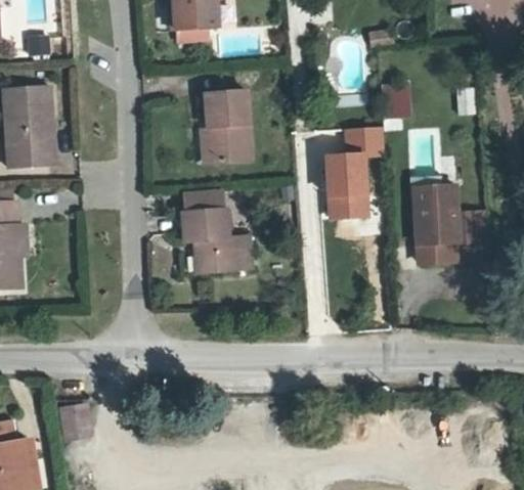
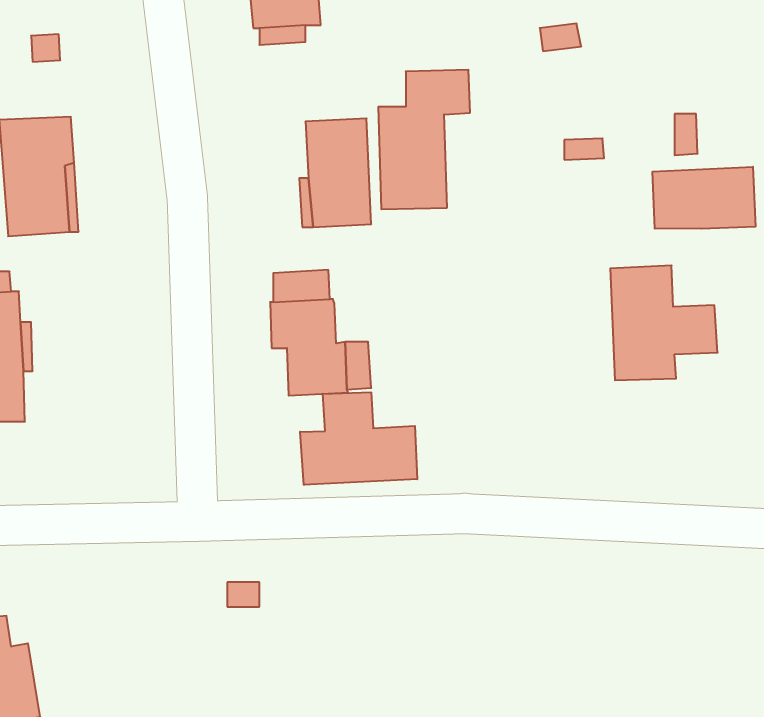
building: none -> [653,167,755,229]
building: [320,124,382,217] -> [378,70,470,209]
building: none -> [300,392,417,485]
building: [54,398,93,439] -> none

